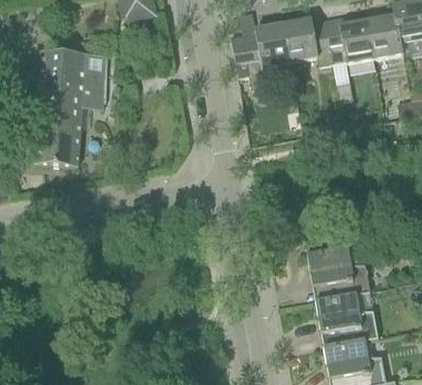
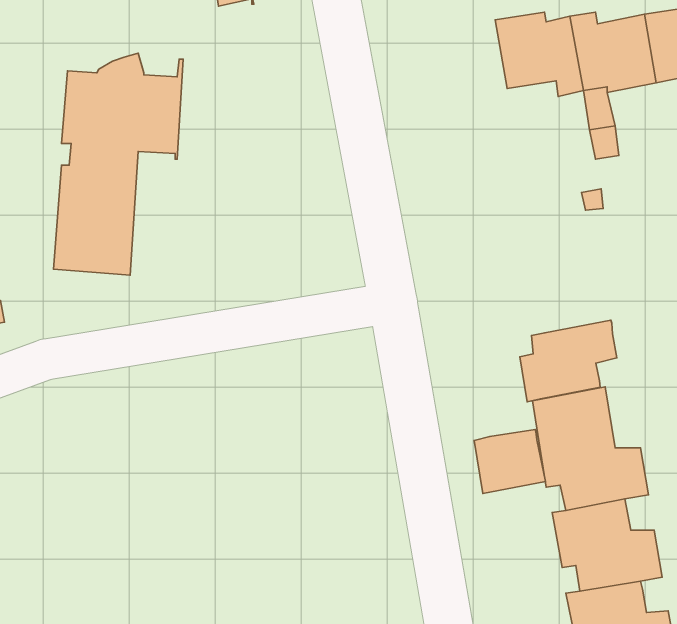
building: [231,23,289,89] -> none
building: none -> [520,320,617,402]
building: none -> [474,429,545,493]

